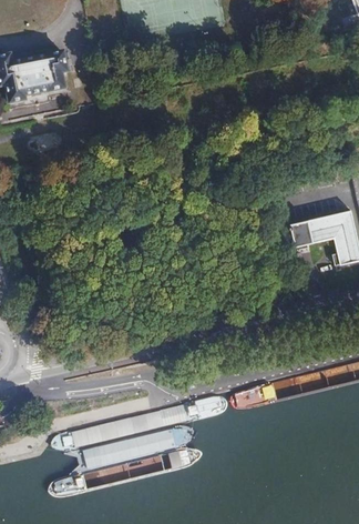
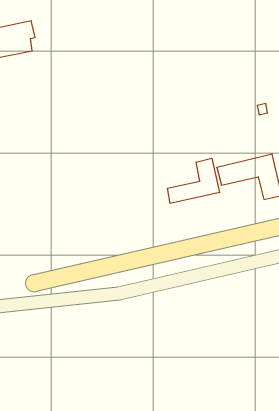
building: none -> [167,158,220,203]

